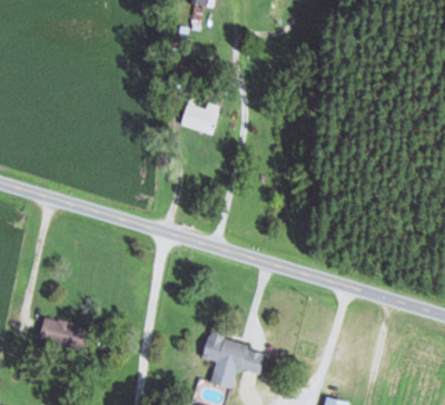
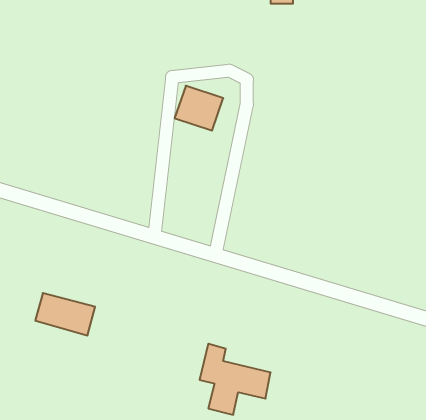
building: [38,316,91,354] -> [35,293,95,335]

